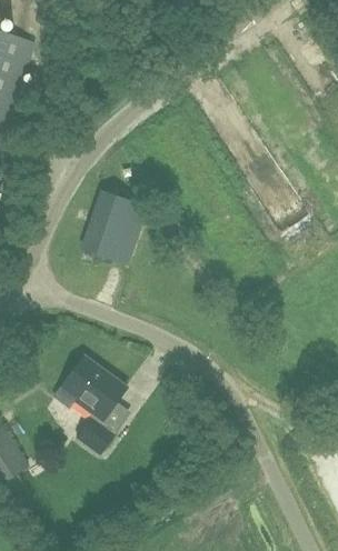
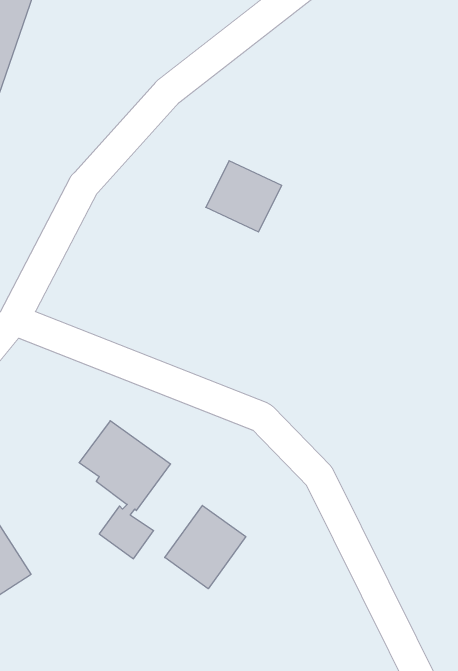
building: [87,204,141,256] -> [206,161,282,232]
building: none -> [165,505,246,589]

